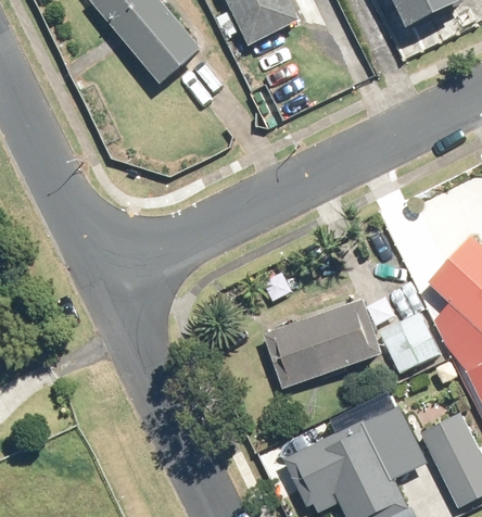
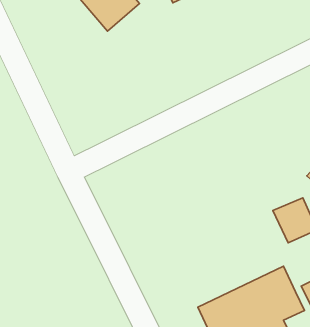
building: [262,300,380,389] -> none

